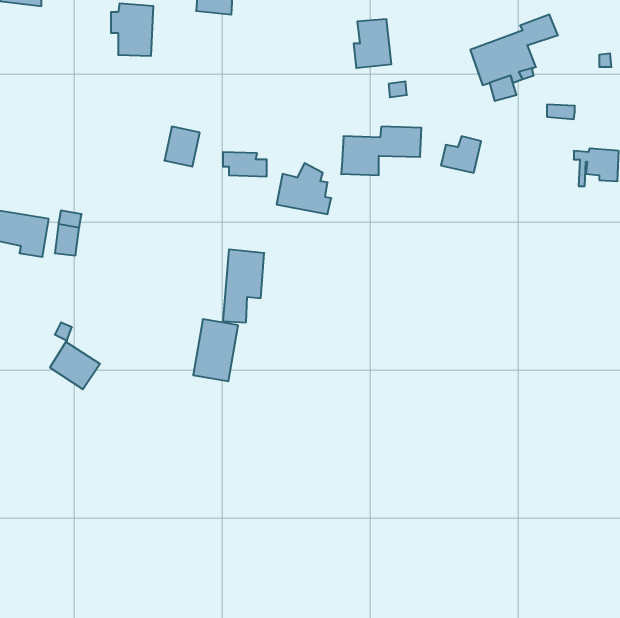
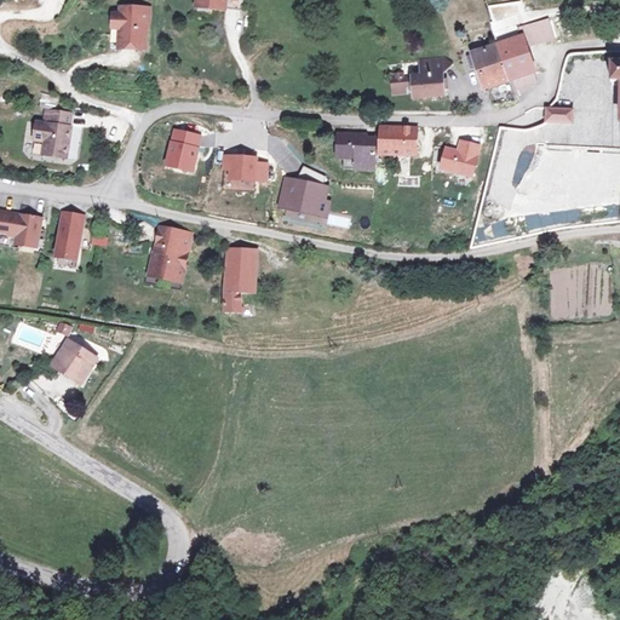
building: [354,19,391,68] -> [413,56,450,104]
building: none -> [27,105,75,157]
building: [193,319,238,381] -> [148,225,193,287]

